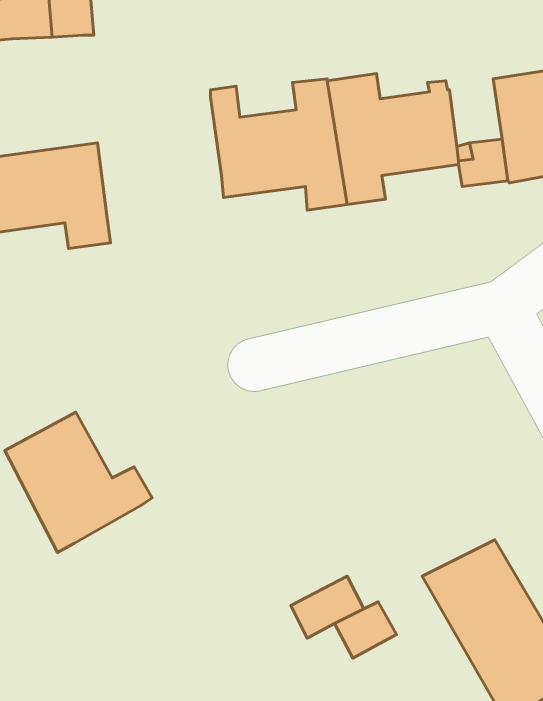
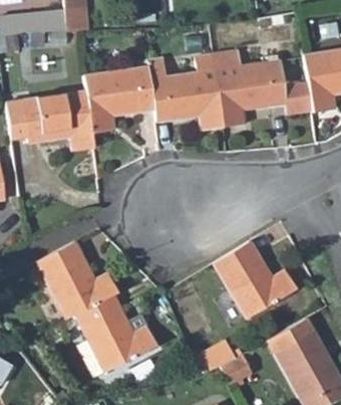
building: none -> [84,67,155,133]
building: none -> [214,236,298,315]
building: none -> [74,292,154,379]

